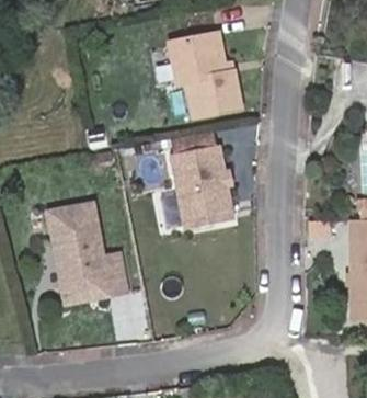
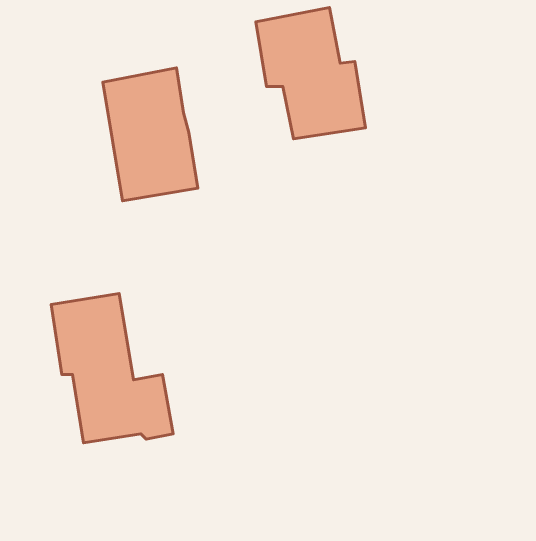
building: [177,149,236,230] -> [103,68,198,201]

